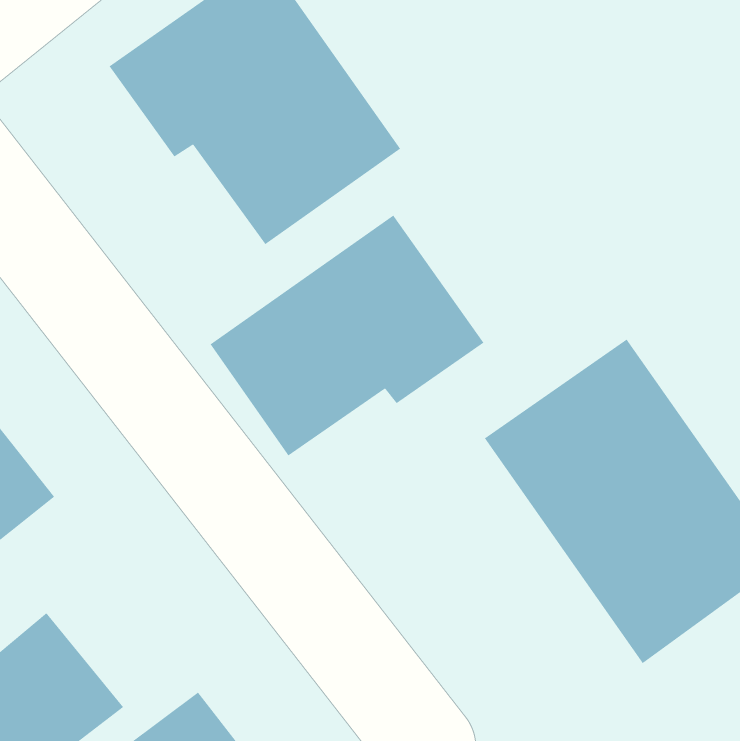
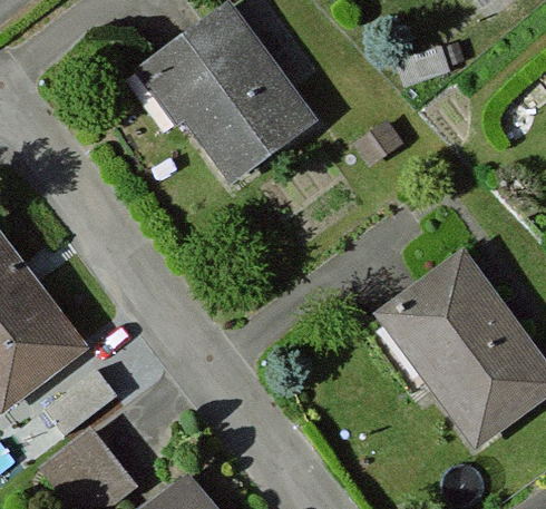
building: [209,214,484,456] -> none

